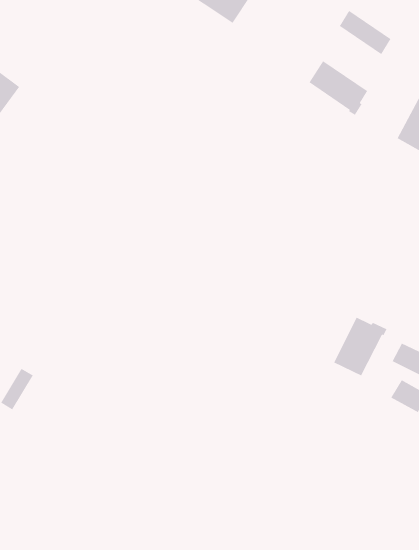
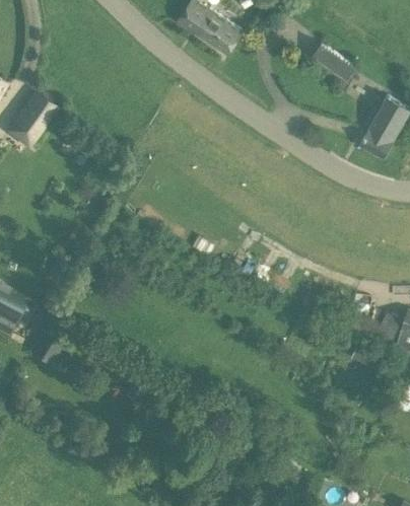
building: [308,60,368,116] -> none
building: [333,317,387,377] -> none

